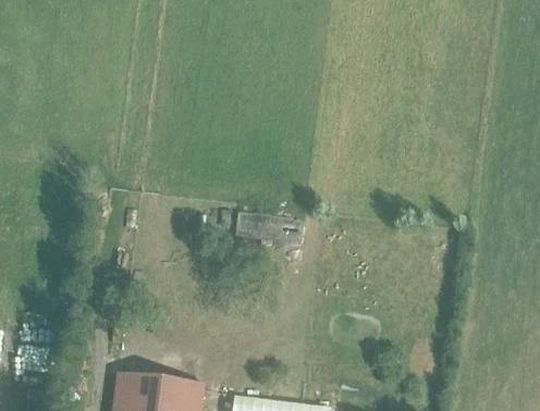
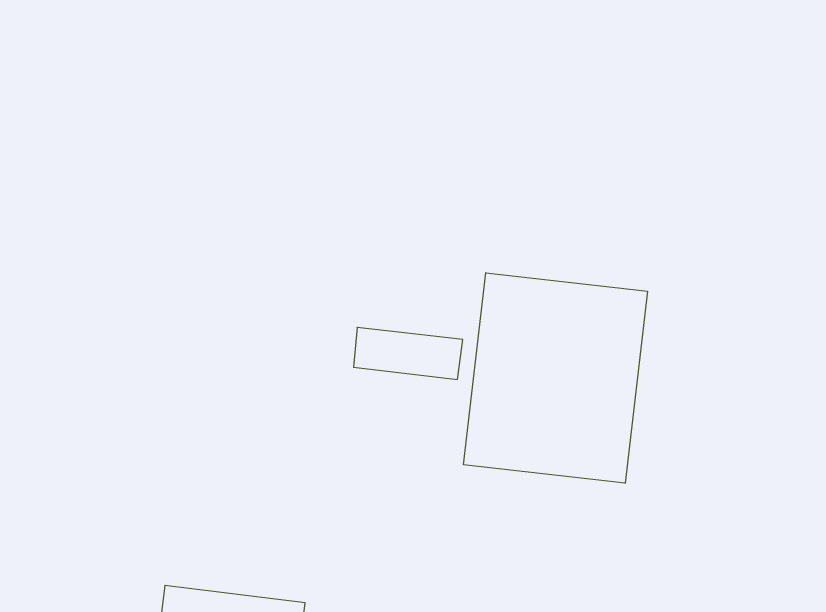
building: none -> [464,273,647,483]

